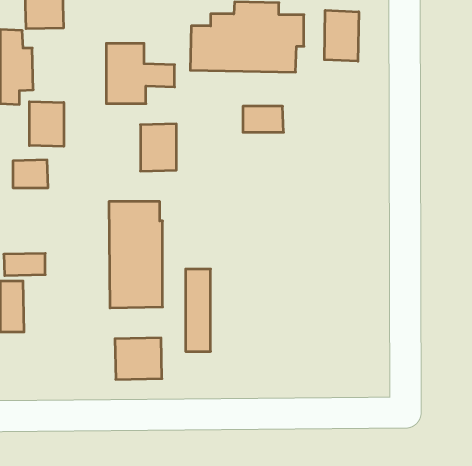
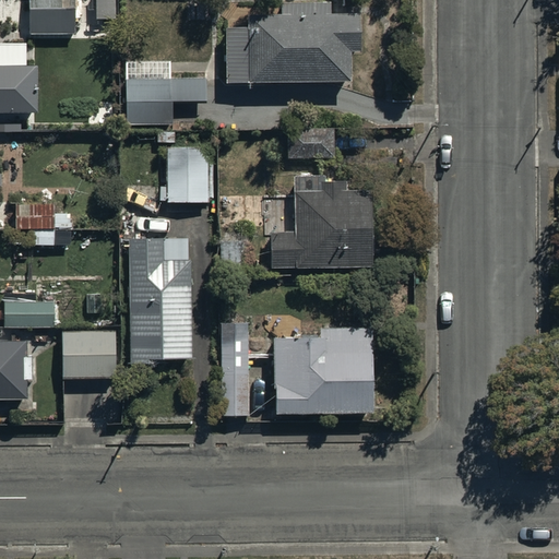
building: [324,10,359,61] -> none
building: [29,102,64,146] -> none
building: none -> [271,183,371,267]
building: none -> [274,330,372,415]
building: [115,338,162,379] -> [61,329,117,378]

